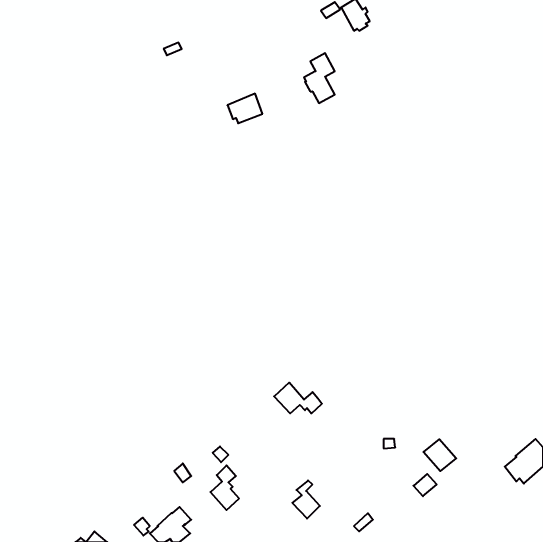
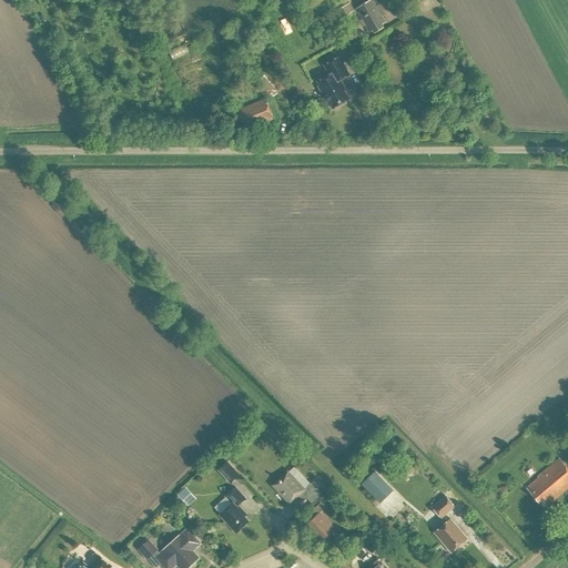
building: [274,383,322,413] -> [273,470,323,503]
building: [423,439,456,471] -> [434,518,468,551]
building: none -> [362,470,394,503]

